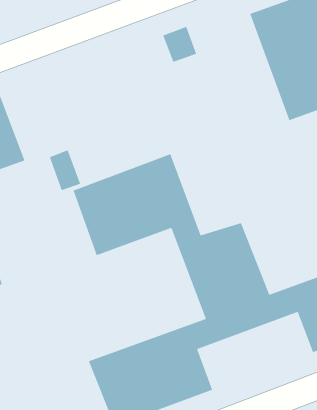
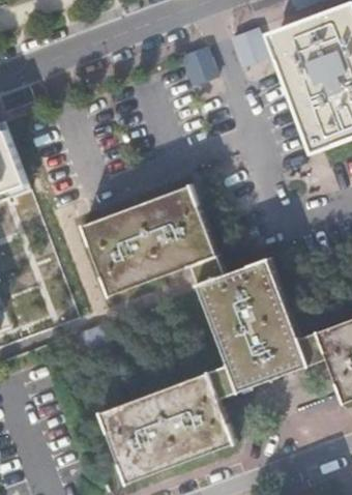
building: none -> [229,27,265,65]
building: [49,149,81,191] -> none

